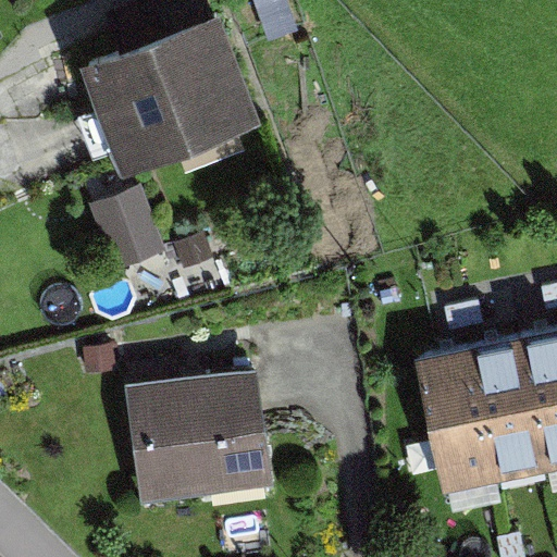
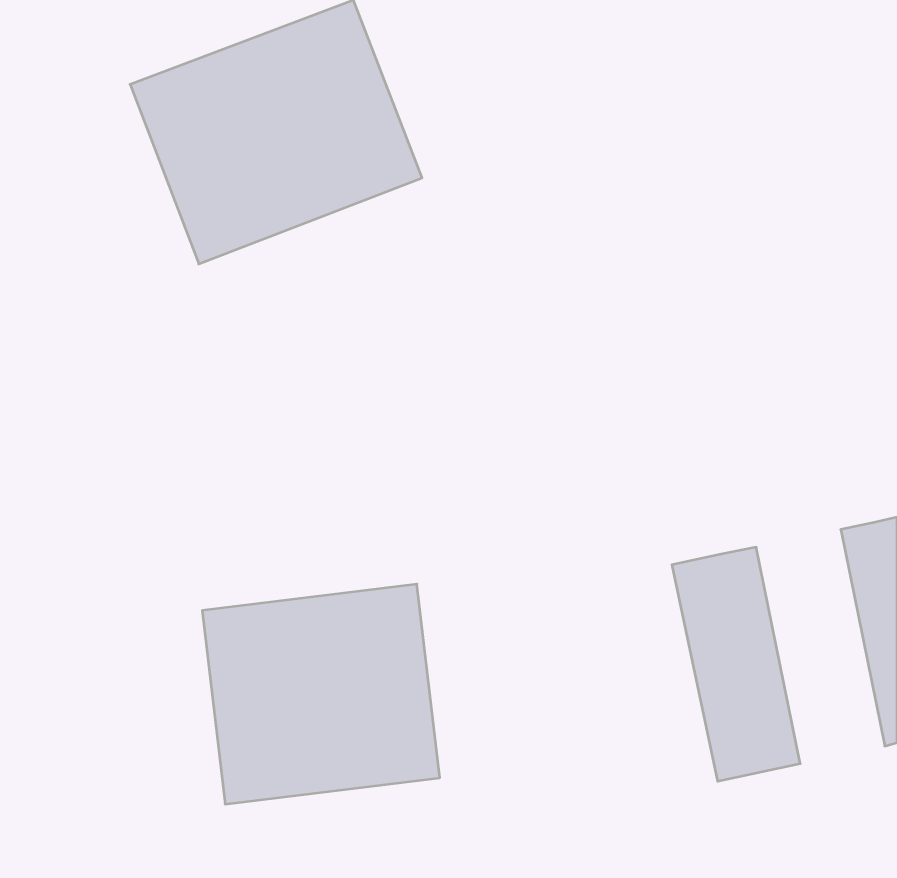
building: [95,178,176,267] -> none
building: [468,341,547,485] -> none

